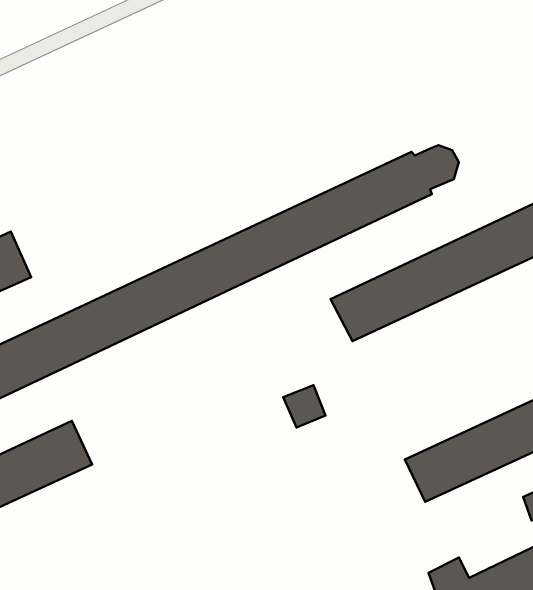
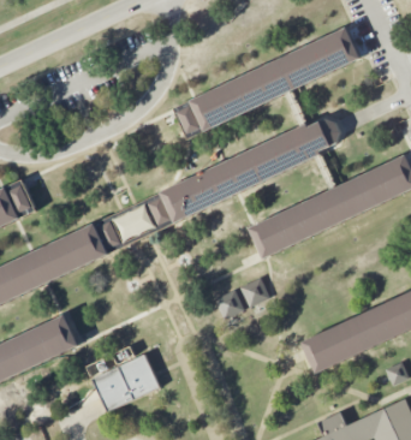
building: none -> [173,28,359,139]
building: none -> [239,278,269,308]
building: none -> [91,355,160,411]

